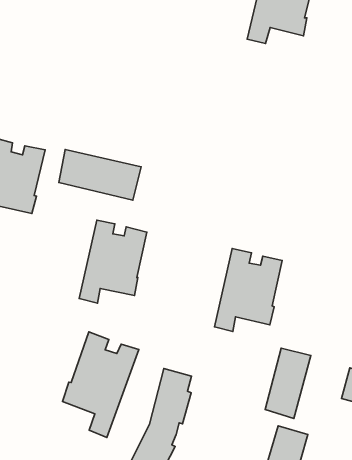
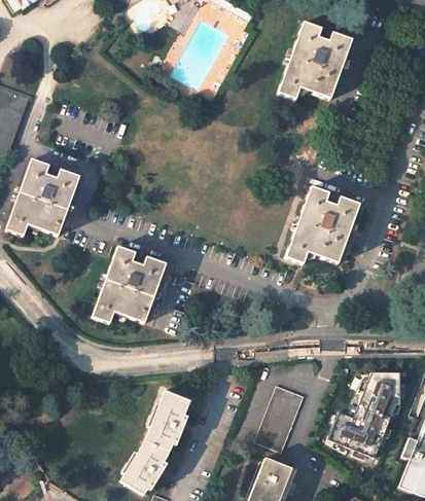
building: [59,149,141,200] -> none
building: [215,249,282,331] -> [286,187,356,264]
building: [62,332,139,438] -> none

